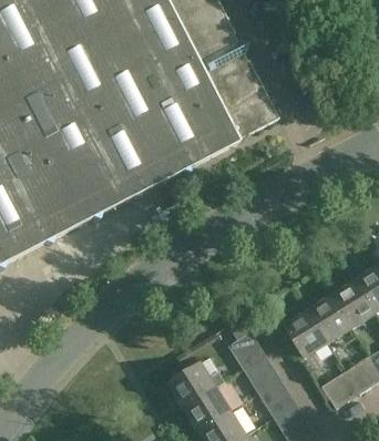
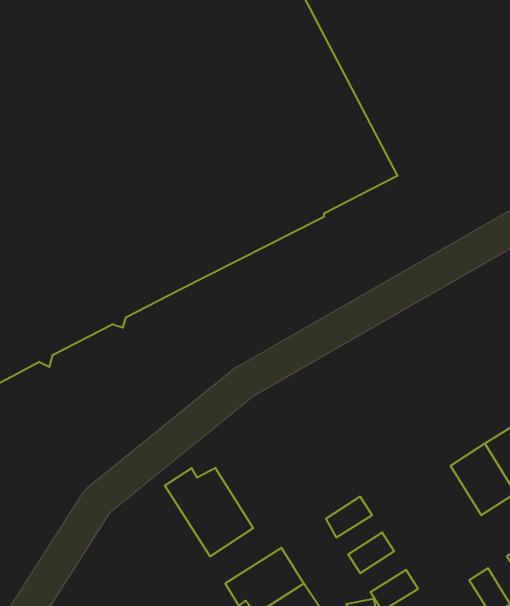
building: [285,310,330,358] -> none
building: none -> [165,468,253,556]

